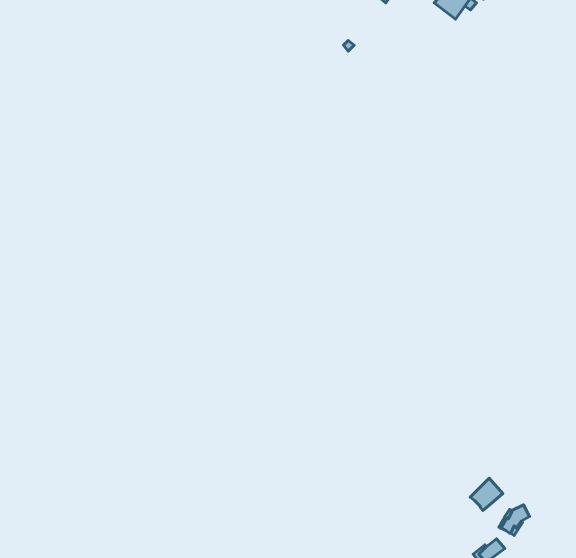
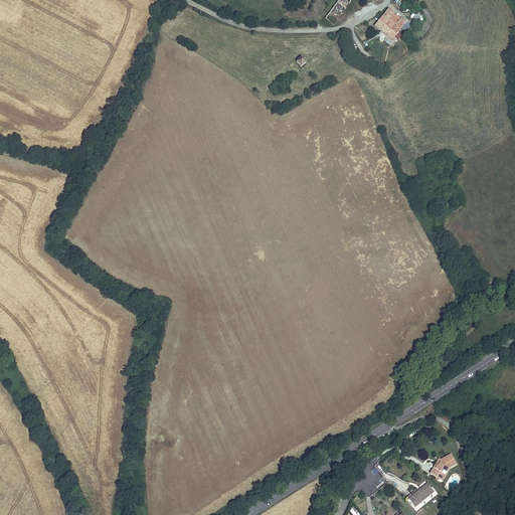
building: [470,478,503,510] -> none

